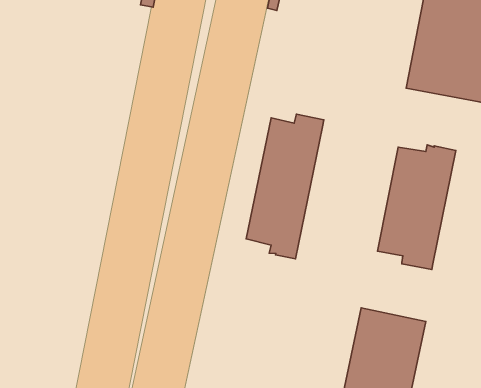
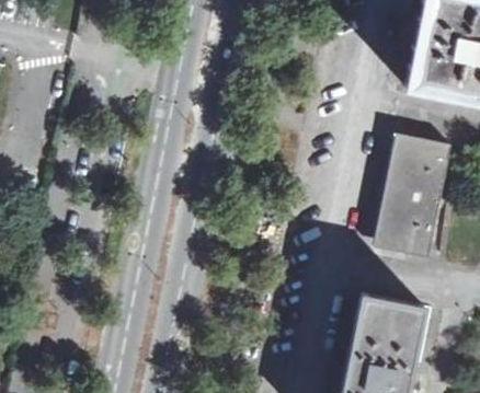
building: [246,114,324,259] -> none

